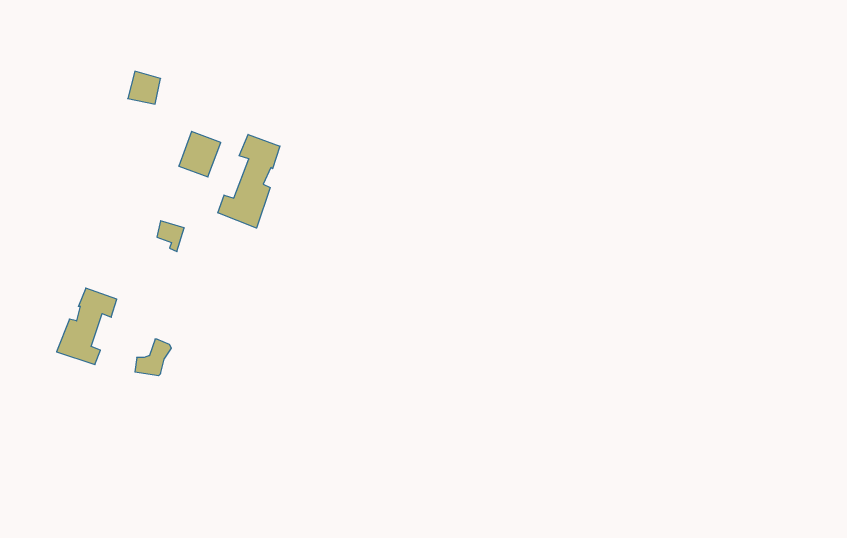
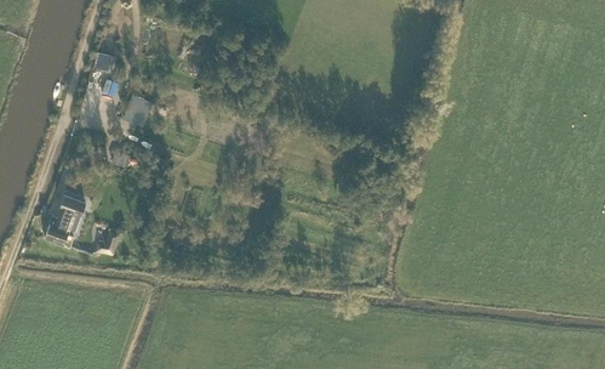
building: [218,134,280,228] -> none

